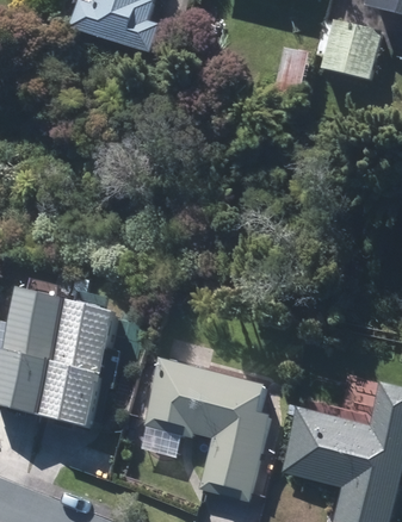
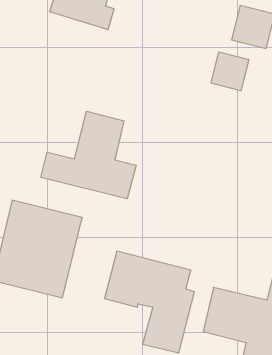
building: none -> [211,52,249,91]
building: none -> [41,111,136,199]

